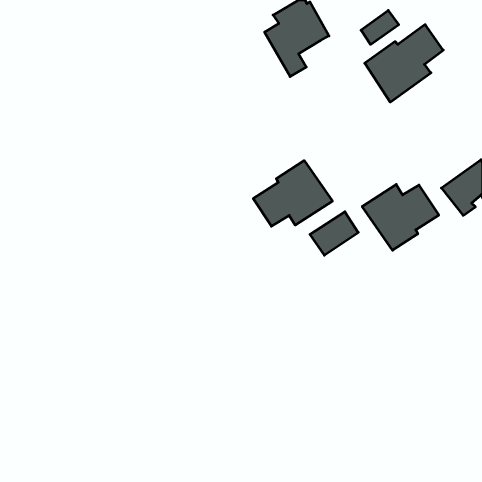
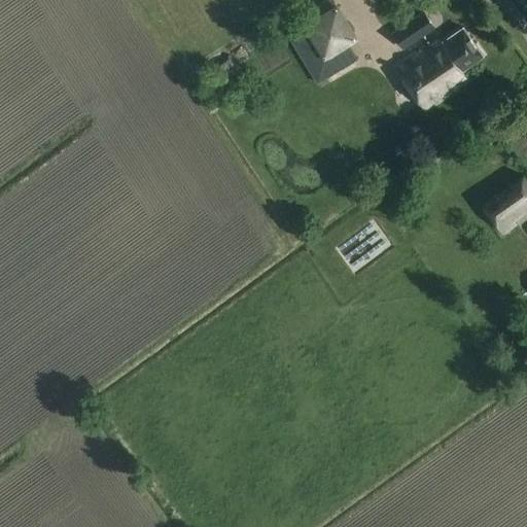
building: [253,161,332,226] -> none
building: [362,184,439,250] -> none

